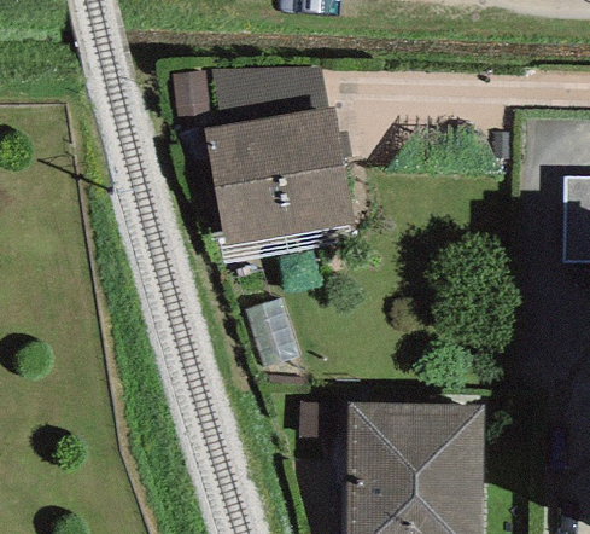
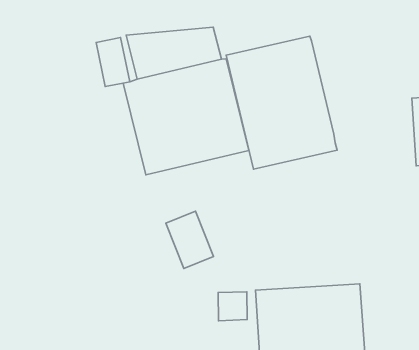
building: none -> [226,36,337,169]

